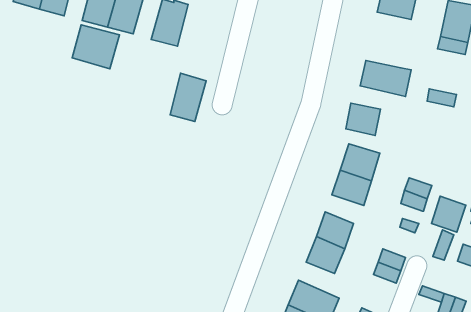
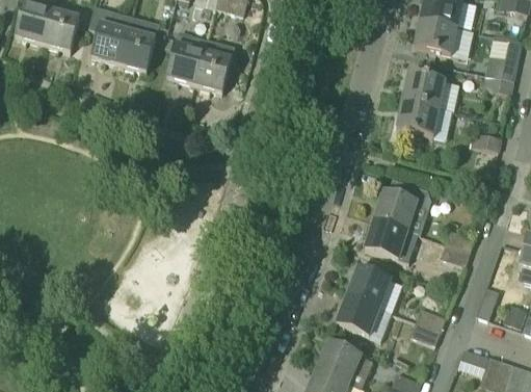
building: [72,25,119,69] -> none
building: none -> [402,73,447,109]
building: [170,73,206,122] -> [195,40,235,93]
building: [346,103,381,135] -> none
building: [431,196,466,232] -> none

